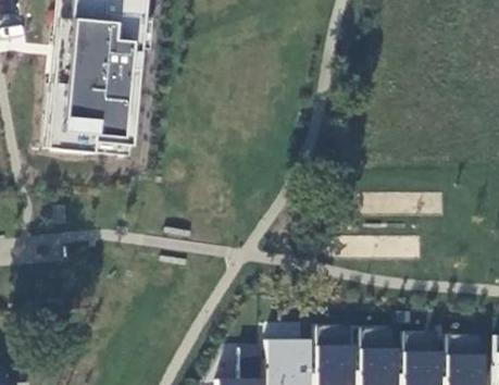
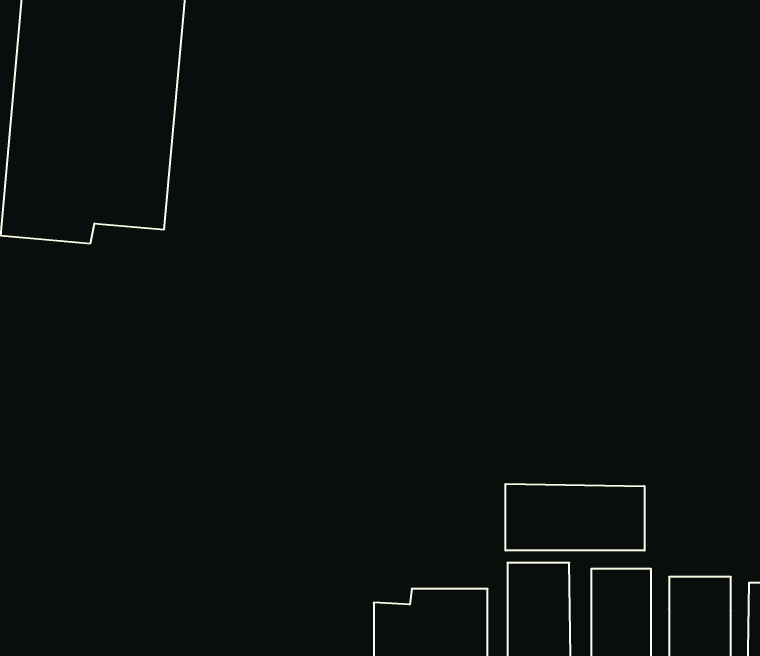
building: none -> [505,484,645,551]

